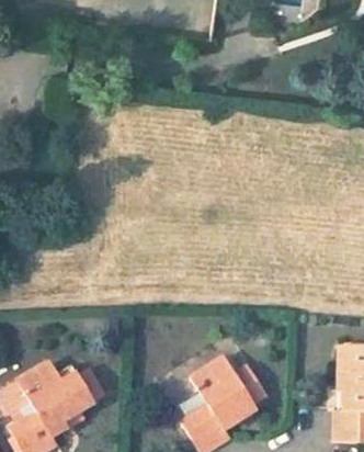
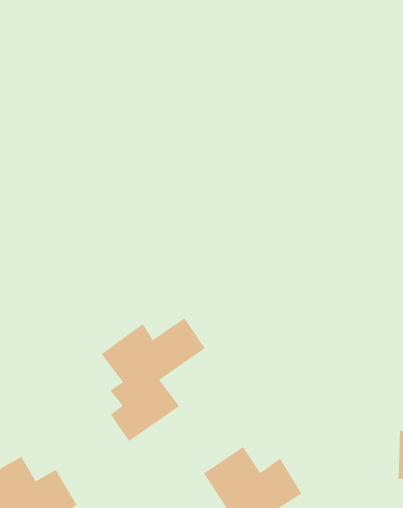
building: none -> [101,317,206,442]

